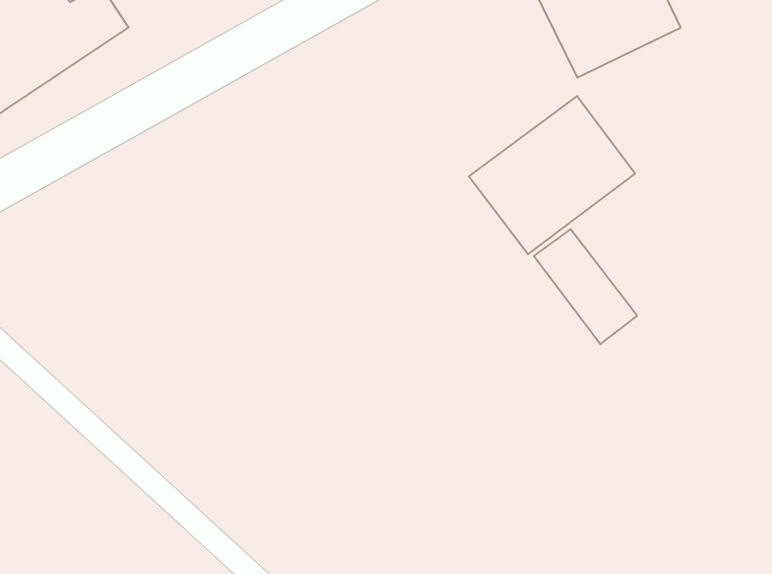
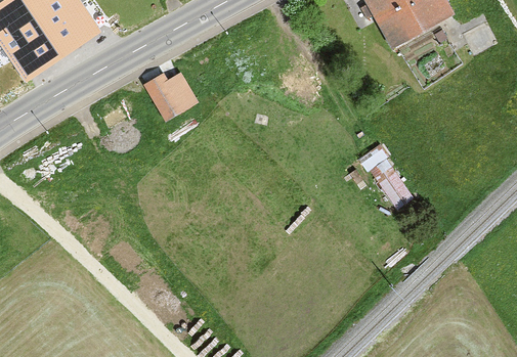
building: [469,96,635,254] -> none
building: none -> [142,73,199,121]

